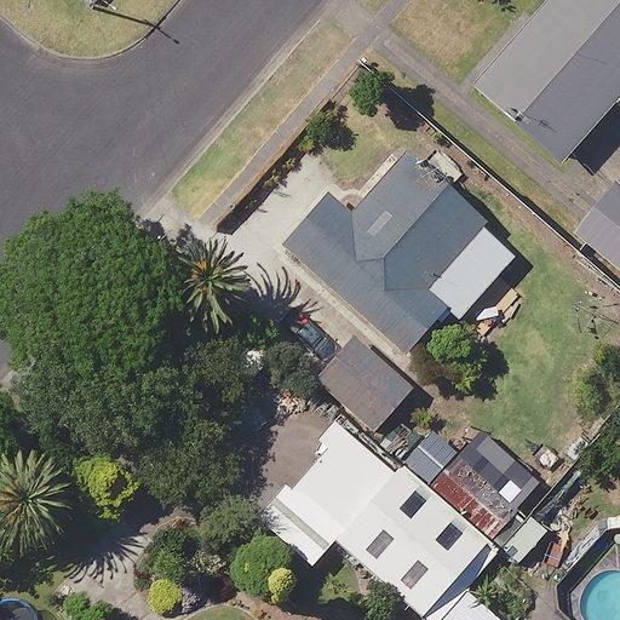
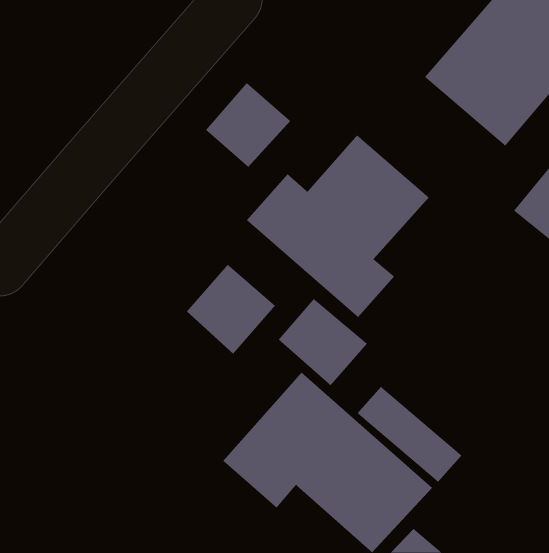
building: none -> [205,82,291,168]
building: none -> [186,264,276,354]

